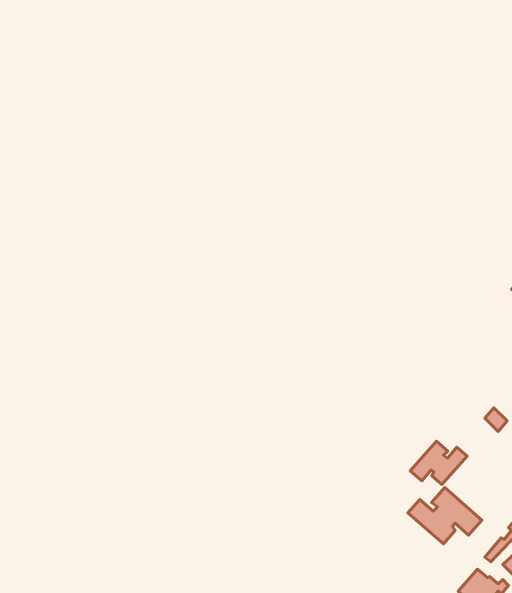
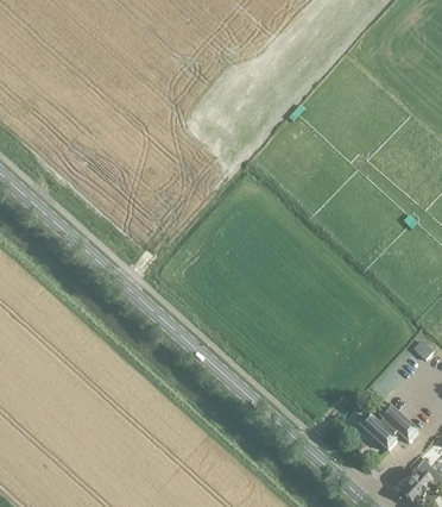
building: [410,441,467,485] -> none

